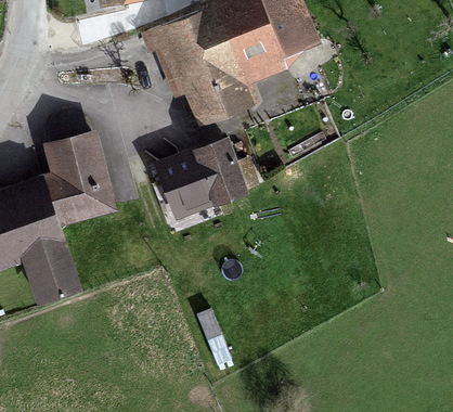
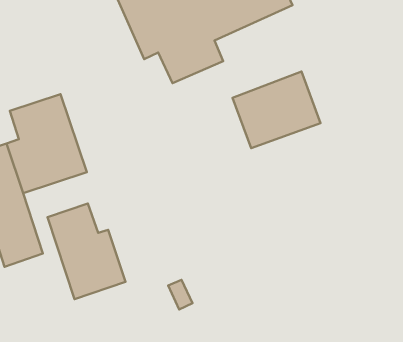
building: [160,141,247,217] -> [232,71,320,148]
building: none -> [48,203,125,299]

